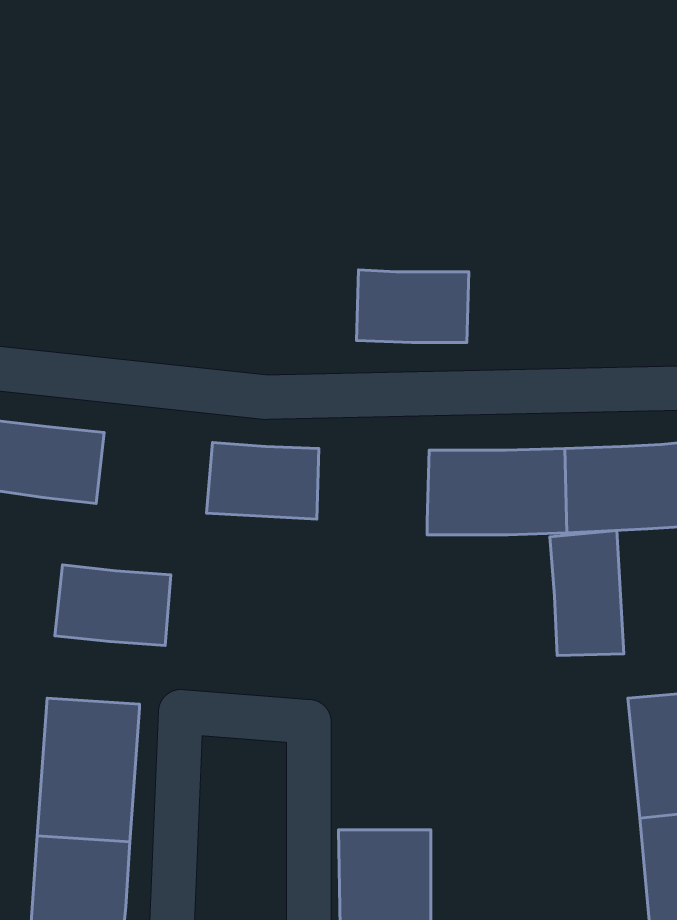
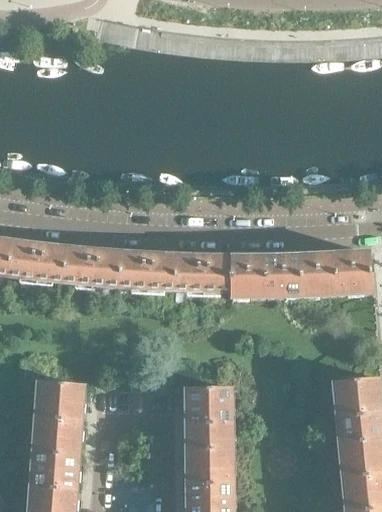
building: [357,270,469,343] -> [175,253,232,290]
building: [550,531,624,656] -> none
building: [55,565,171,646] -> [63,245,122,286]
building: none -> [186,386,233,447]

